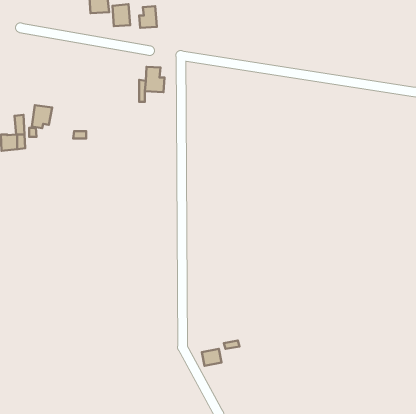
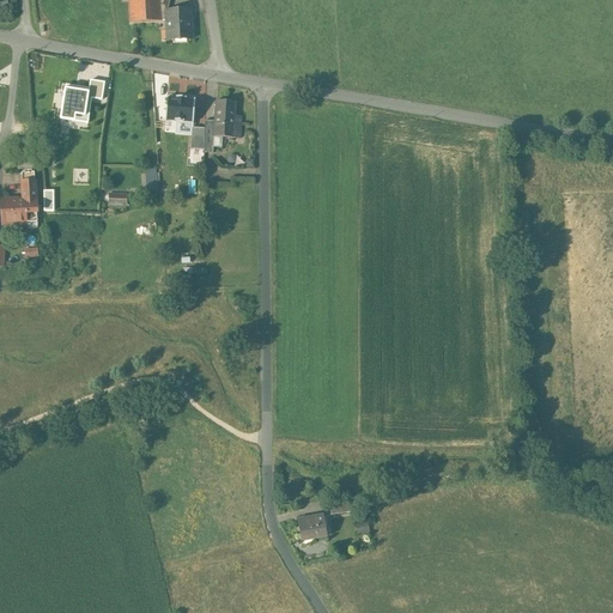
building: [139,6,157,28] -> none
building: none -> [166,95,192,133]
building: [32,105,52,128] -> [59,85,89,119]

